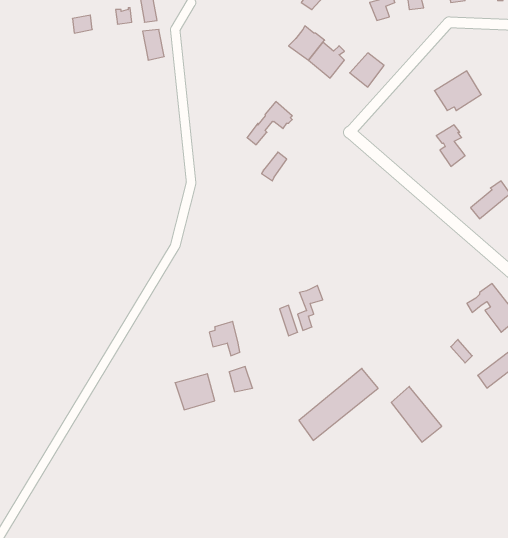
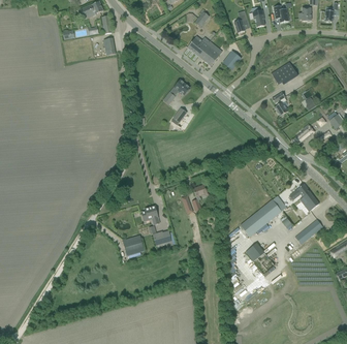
building: [299,368,378,440] -> [241,195,286,237]

